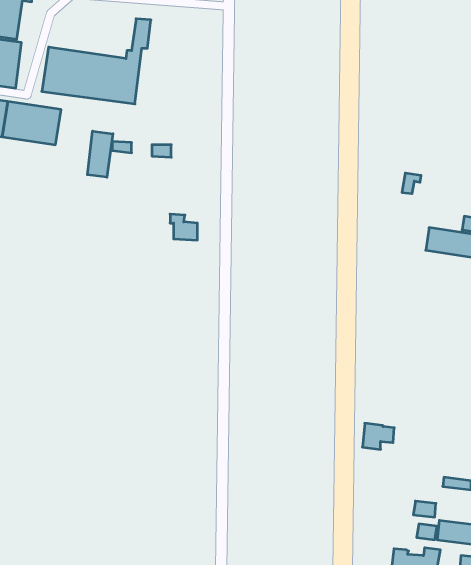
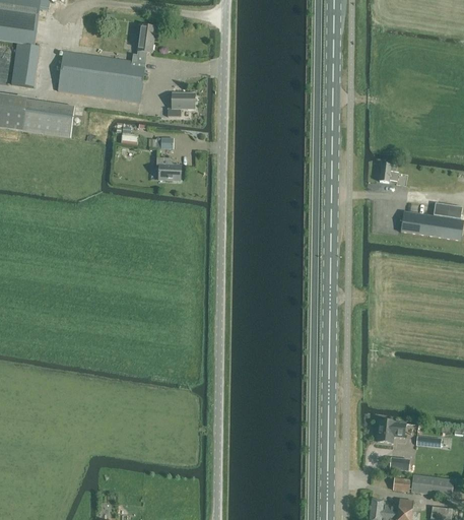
building: none -> [167,92,194,116]
building: [87,131,113,177] -> none
building: [170,214,197,240] -> [155,156,180,180]
building: [362,423,394,449] -> [377,418,405,442]

